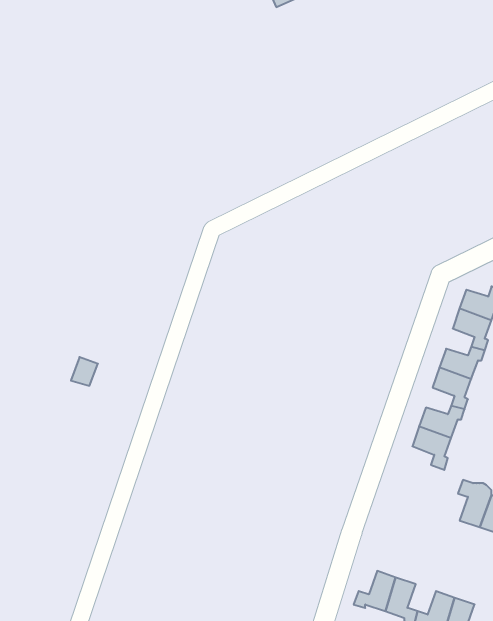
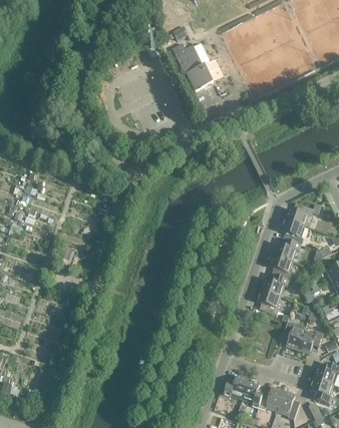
building: none -> [173,43,214,91]

